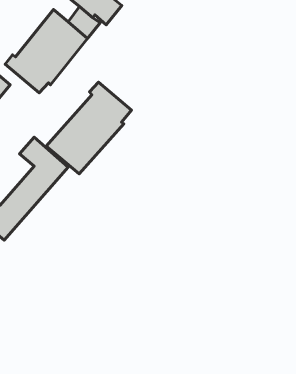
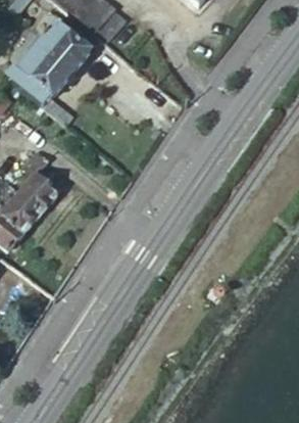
building: [46,82,131,174] -> none

